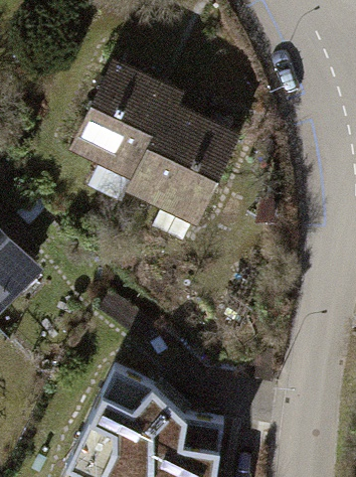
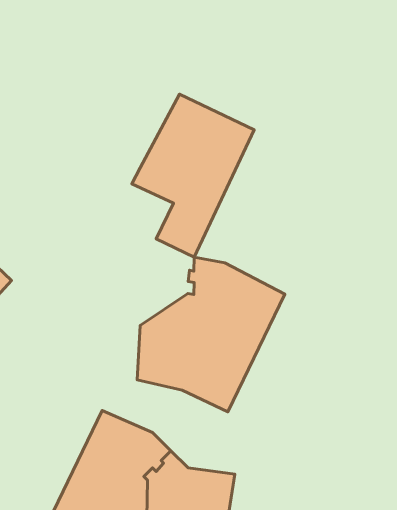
building: [80,70,179,173] -> none
building: none -> [137,257,285,412]

